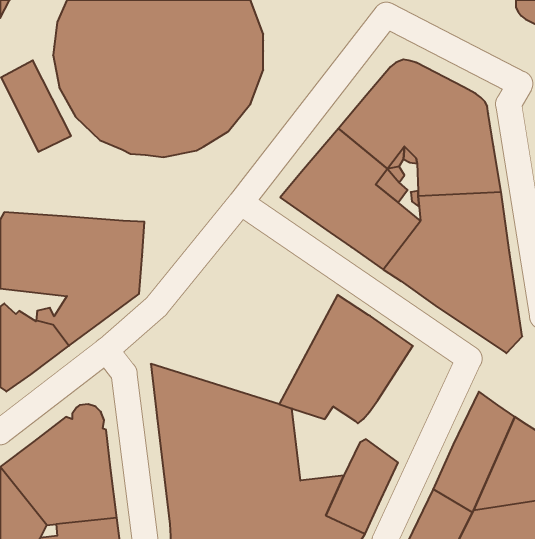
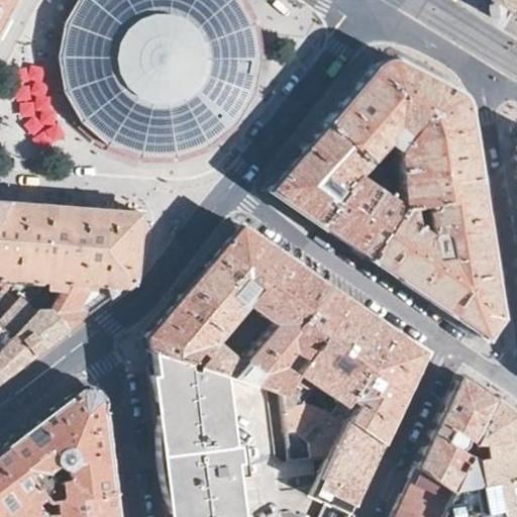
building: none -> [148,226,328,388]
building: none -> [285,332,428,460]

